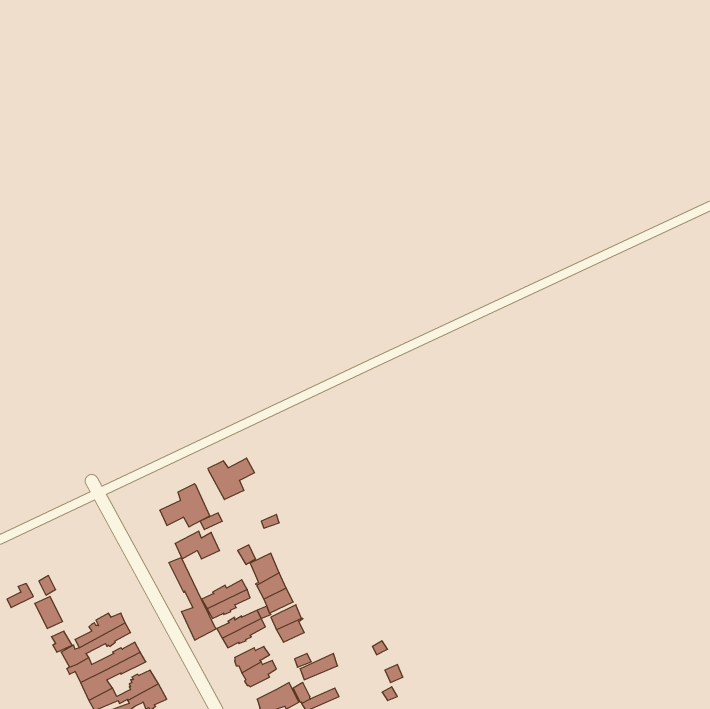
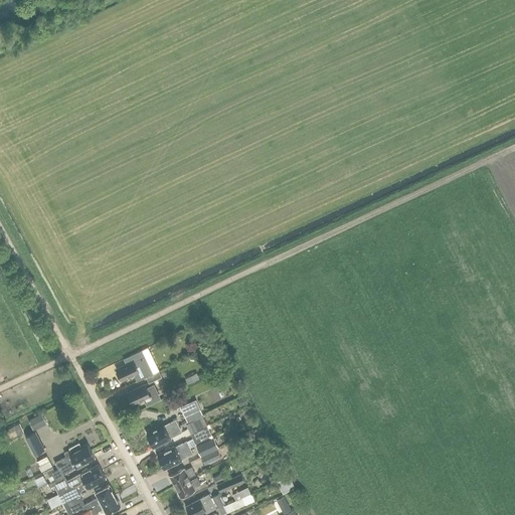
building: [208,458,254,500] -> none
building: [169,557,216,640] -> none

